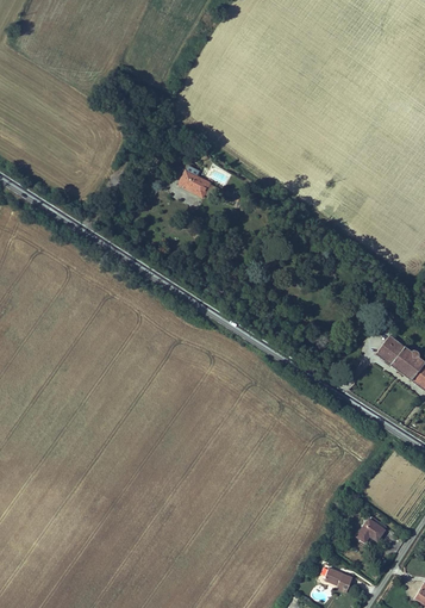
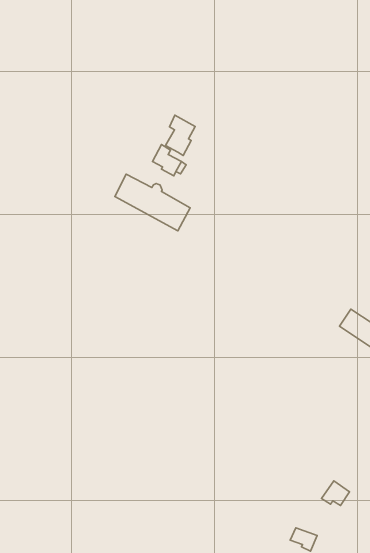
building: none -> [165,115,195,155]
building: none -> [115,174,190,231]

